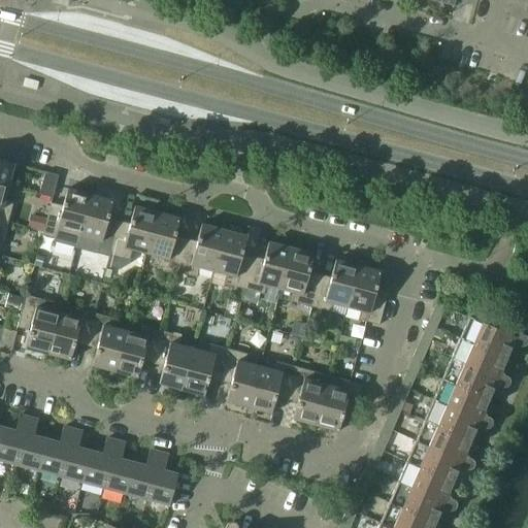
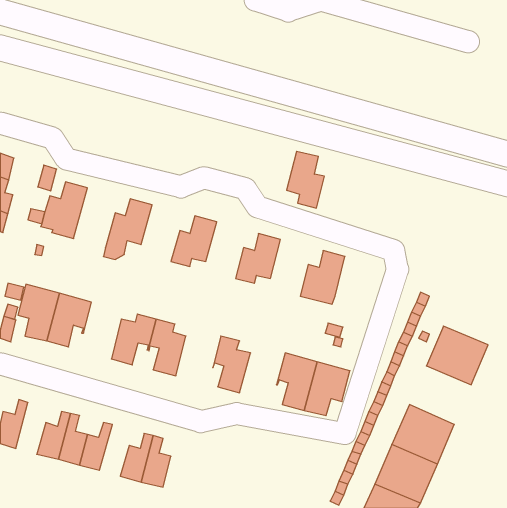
building: [77,195,121,257] -> none
building: [147,212,188,271] -> none
building: [214,230,254,289] -> none
building: [282,249,321,307] -> [287,151,324,208]
building: [349,266,389,325] -> none
building: [88,314,127,372] -> none
building: [461,317,517,358] -> none
building: [184,343,230,396] -> none
building: [250,361,297,414] -> none
building: [426,380,490,440] -> none
building: [18,418,48,471] -> none
building: [104,440,135,494] -> none

